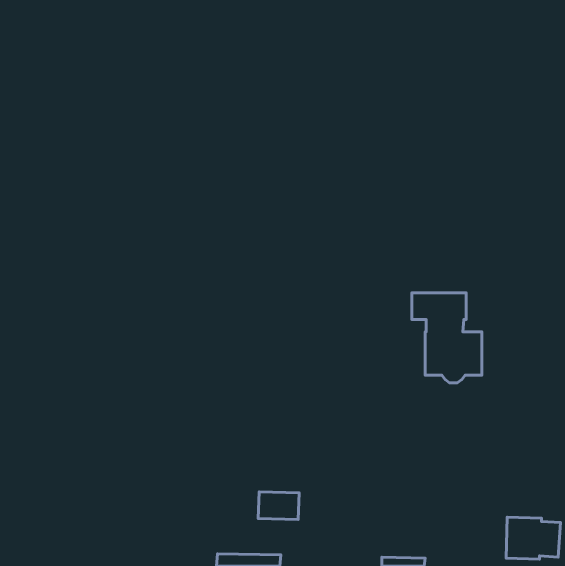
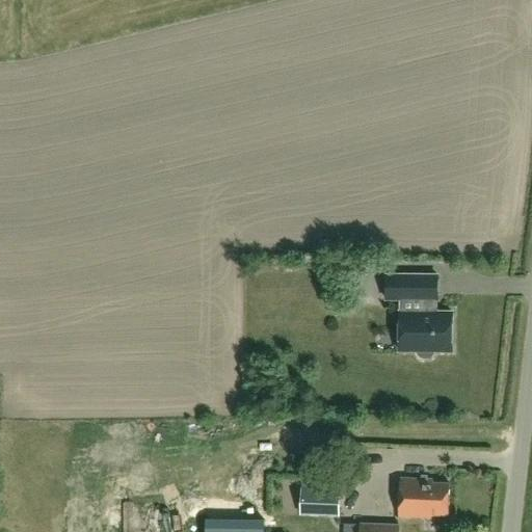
building: [258,492,299,520] -> [300,487,339,513]
building: [506,517,560,559] -> [398,480,449,520]

